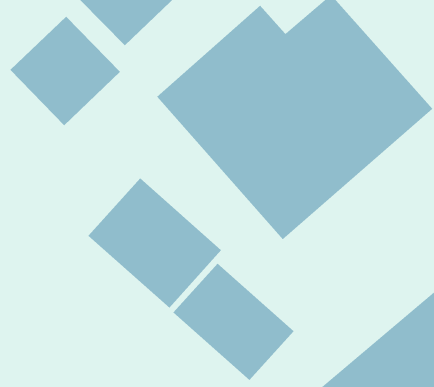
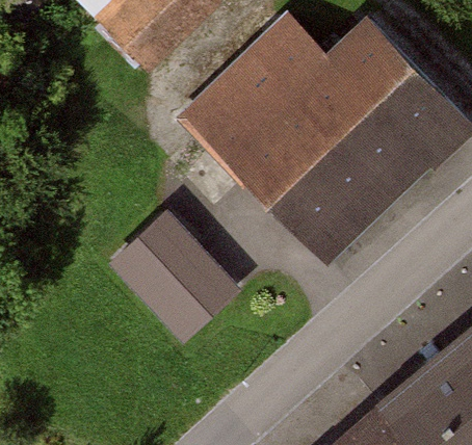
building: [10,16,121,126] -> none
building: [172,263,294,381] -> none

